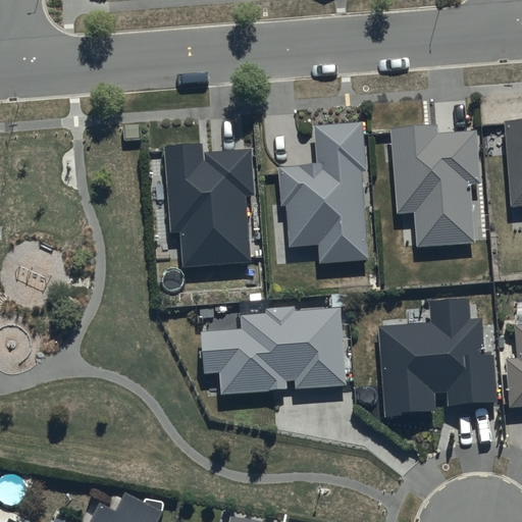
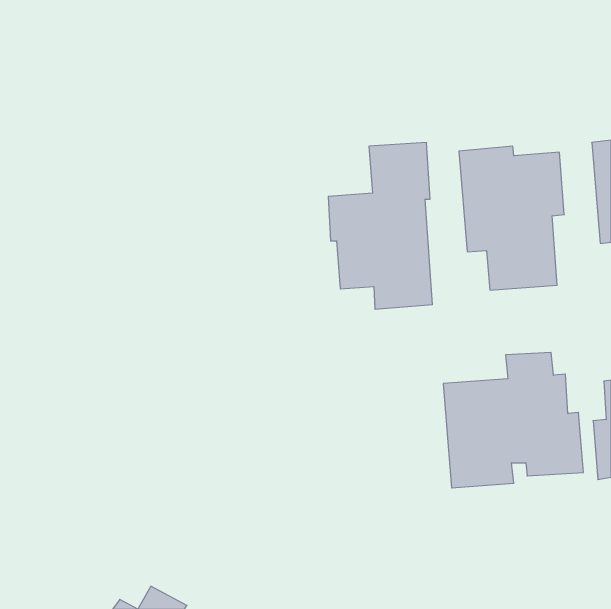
building: [164,144,256,268] -> none
building: [201,305,346,393] -> none

